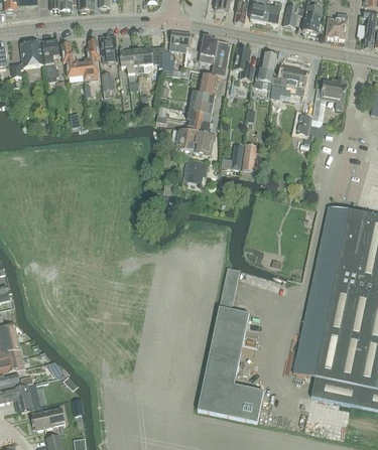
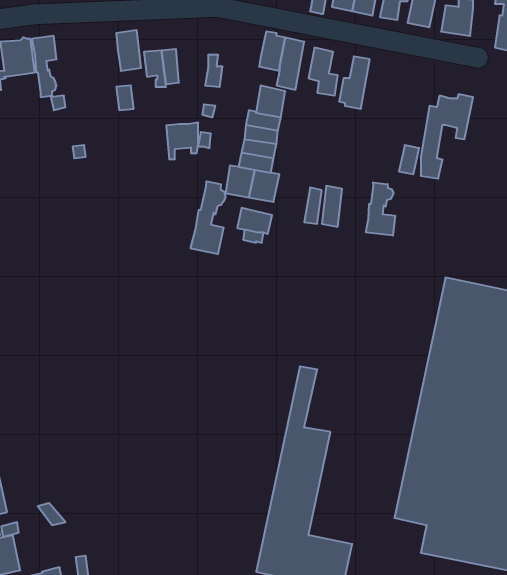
building: [168,30,190,51] -> none
building: [60,39,99,80] -> none
building: [141,45,163,70] -> [166,123,198,159]
building: [270,63,306,99] -> none
building: none -> [191,181,226,254]
building: none -> [366,182,395,236]

